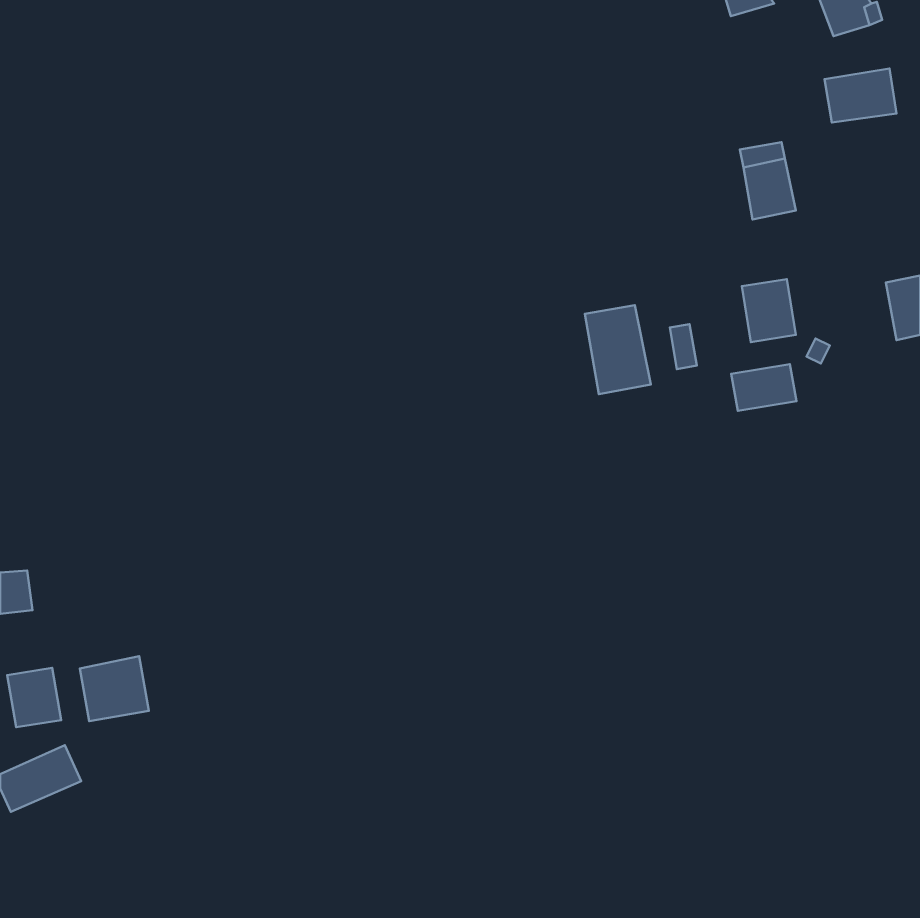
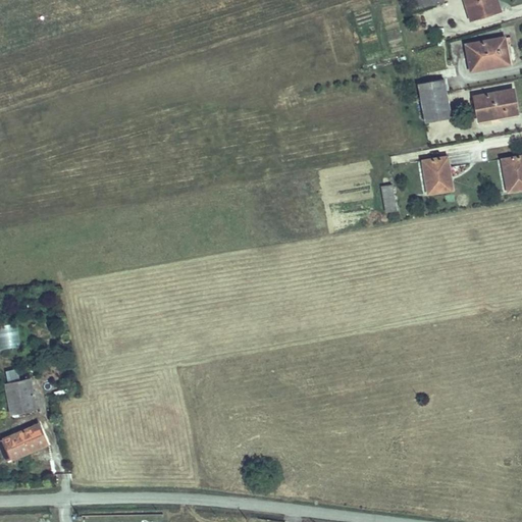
building: none -> [476,90,517,120]
building: [585,305,651,394] -> none
building: [731,364,796,411] -> none
building: [80,656,149,721] -> none

